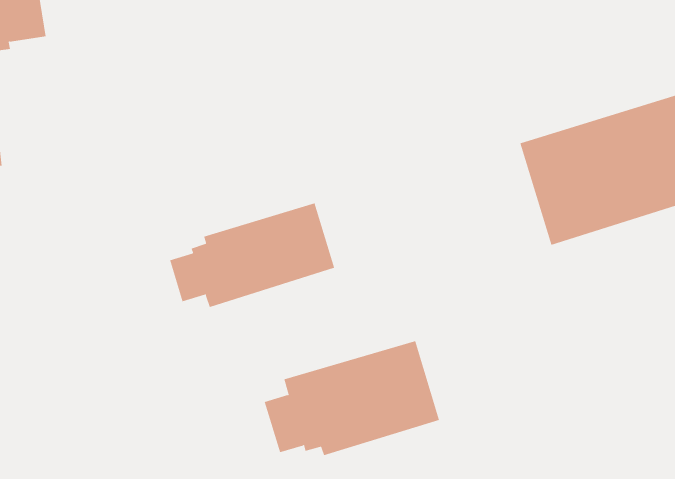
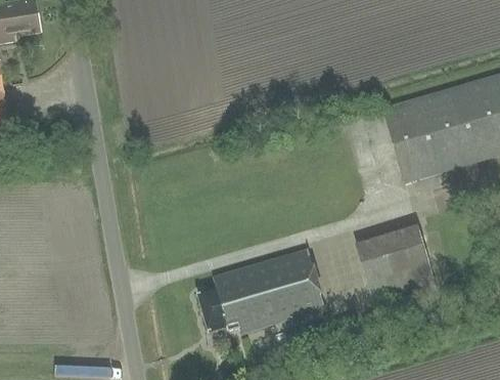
building: [170,202,335,308] -> none
building: none -> [357,230,436,307]

